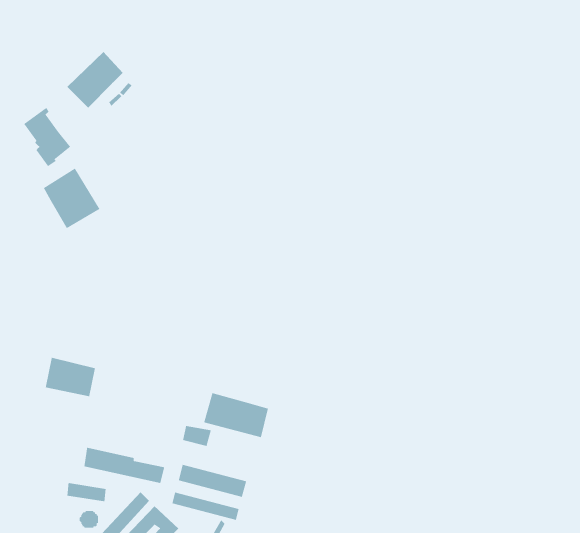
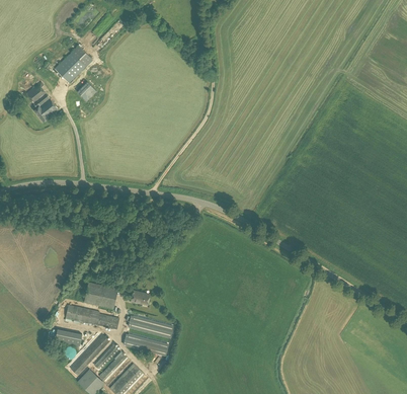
building: [43,168,101,229] -> none
building: [45,357,96,397] -> [83,281,116,307]
building: [203,392,269,438] -> none

